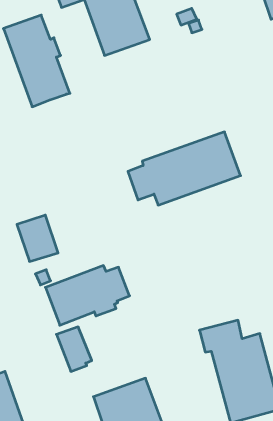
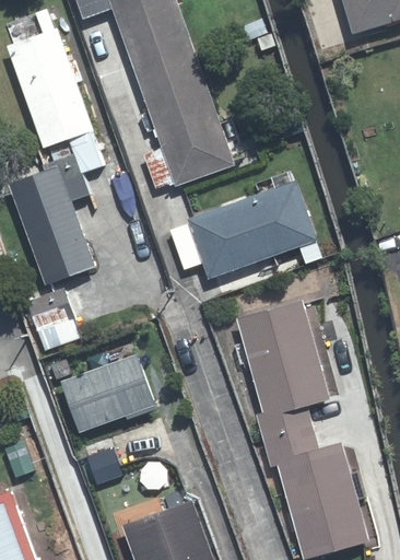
building: none -> [139,60,235,188]
building: none -> [10,131,103,285]
building: none -> [232,301,329,443]

